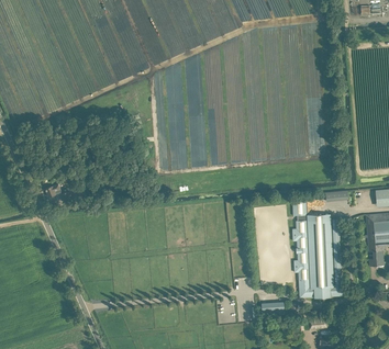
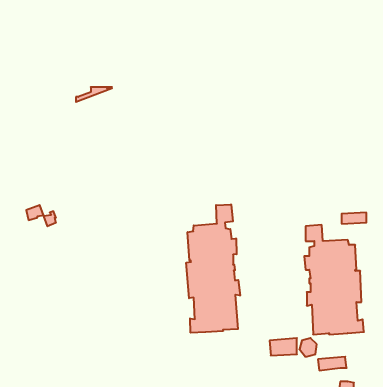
building: none -> [186,204,240,333]

